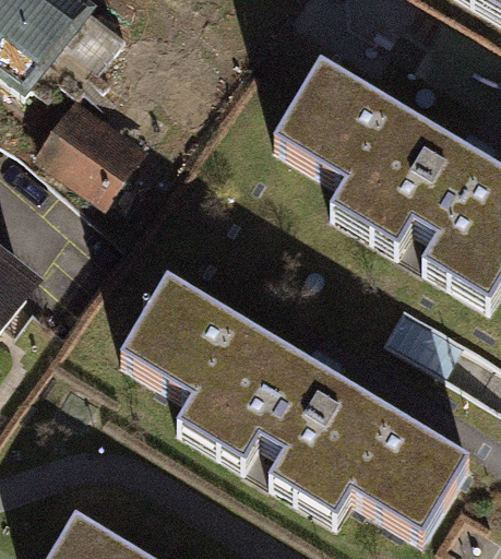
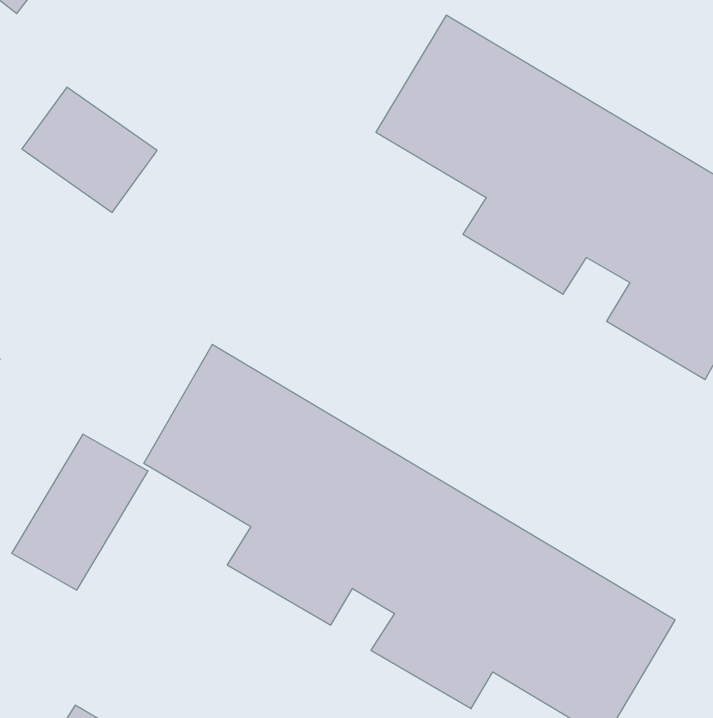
building: none -> [12,434,148,590]

